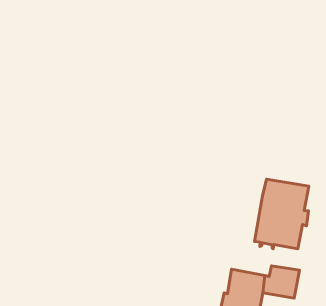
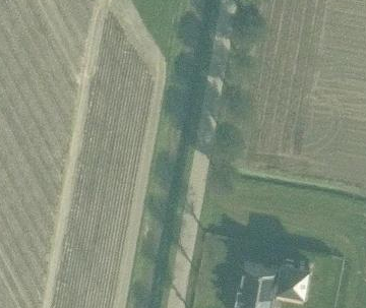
building: [255,179,309,249] -> none

